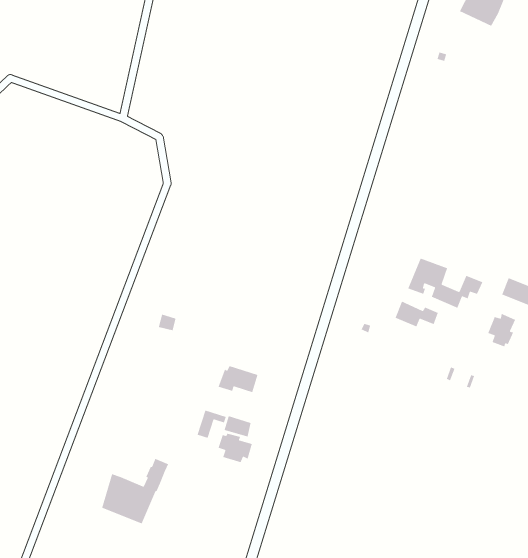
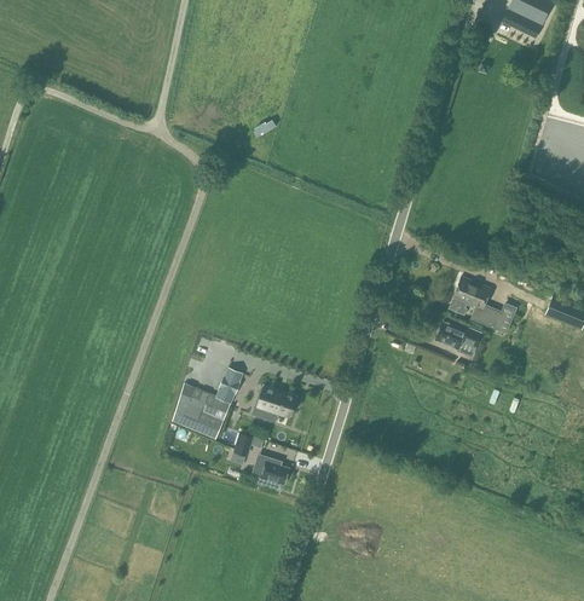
building: [487,313,516,347] -> none
building: [101,458,169,525] -> [173,369,243,438]

